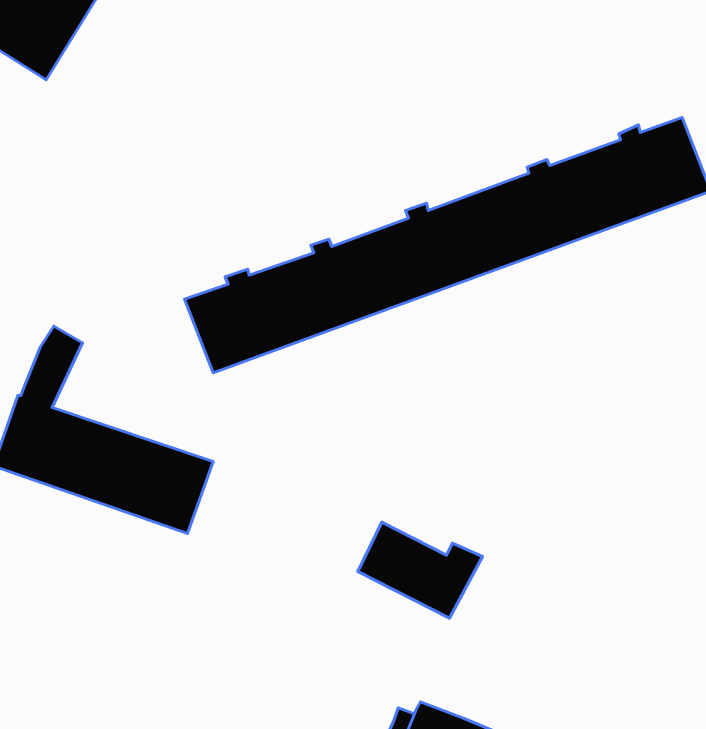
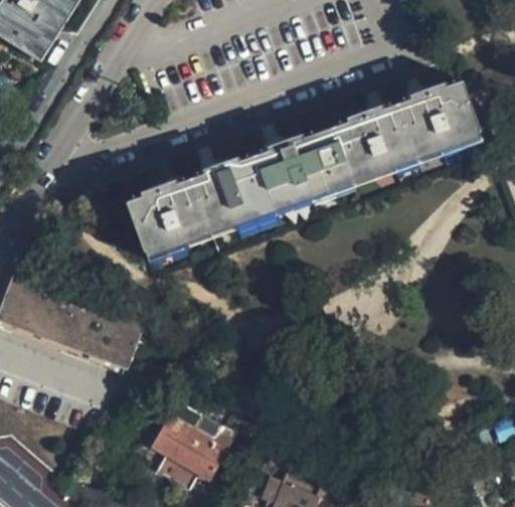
building: [358,522,482,618] -> [148,418,231,483]

